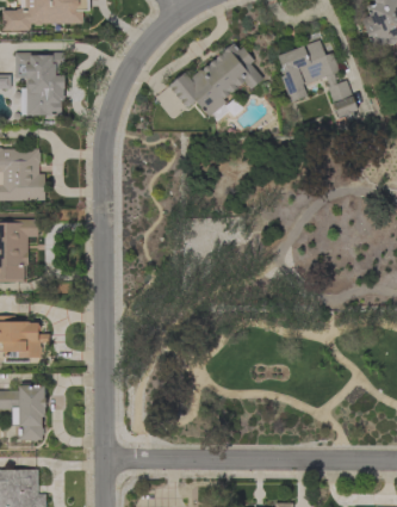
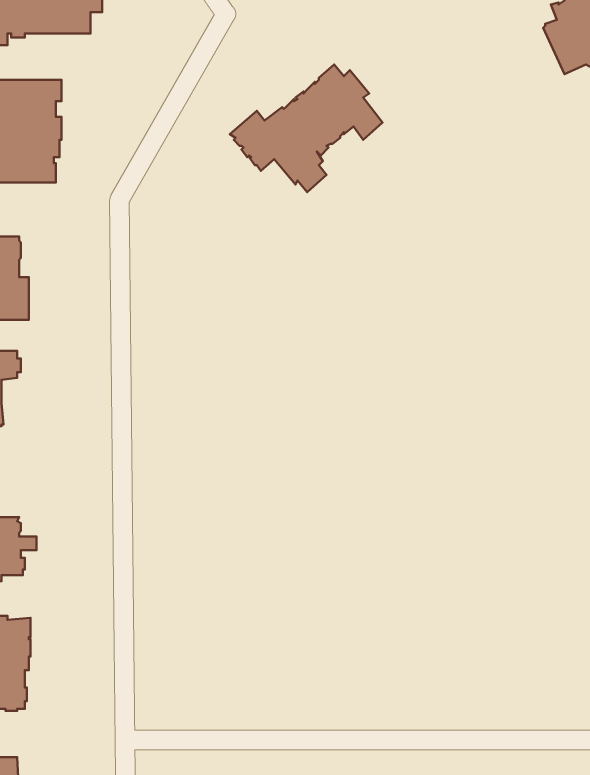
building: [279,41,358,120] -> none

